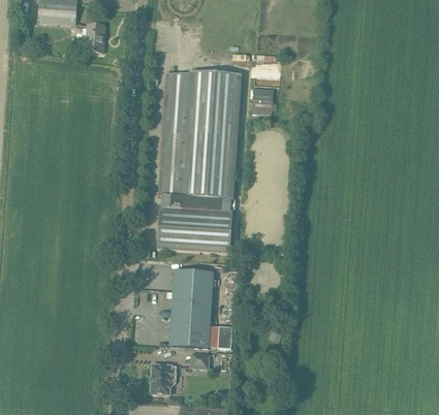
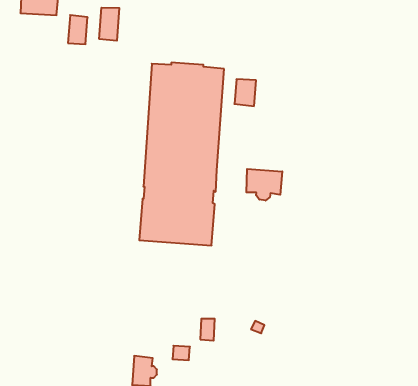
building: none -> [99,8,119,41]
building: none -> [246,169,282,201]
building: [169,270,212,348] -> none

